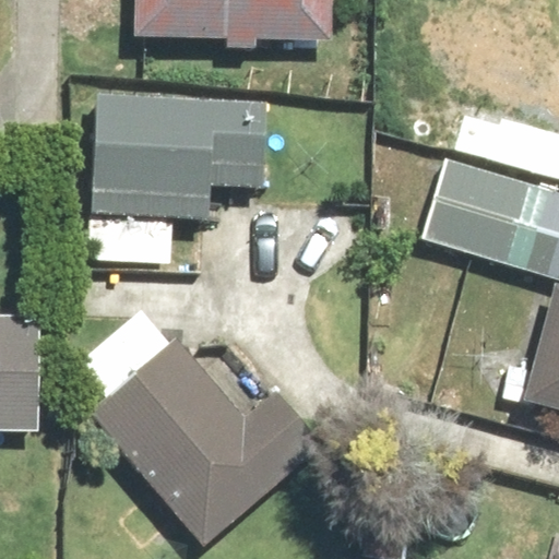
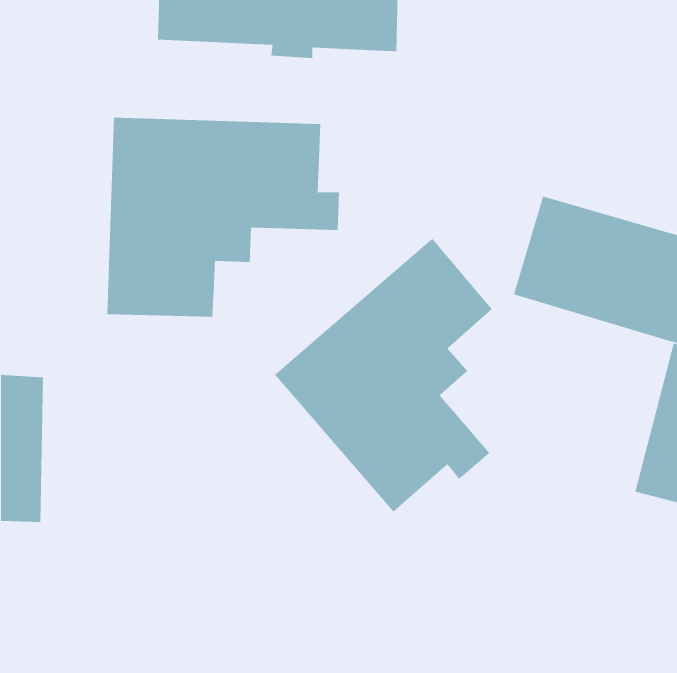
building: none -> [274,238,493,513]
building: [80,306,282,532] -> none

